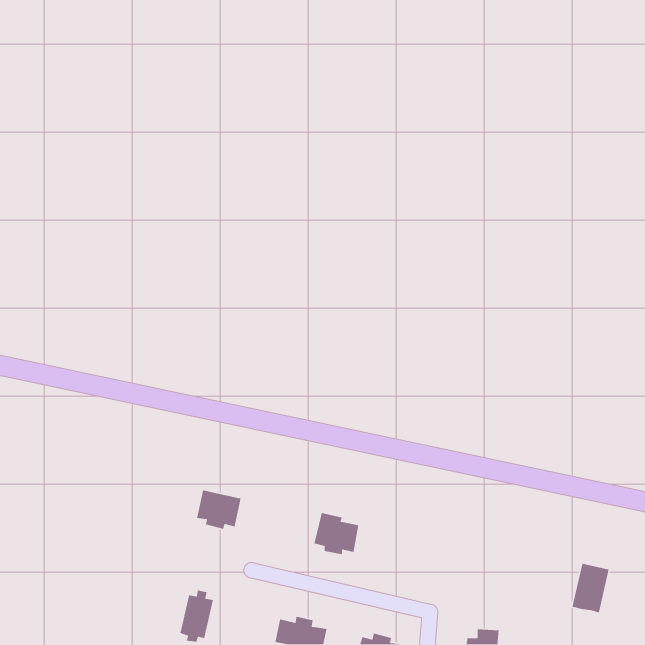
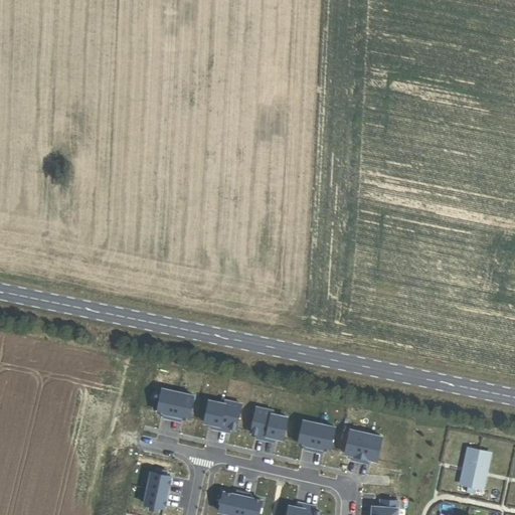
building: none -> [204,400,241,432]
building: none -> [298,420,335,453]
building: none -> [345,430,381,463]

